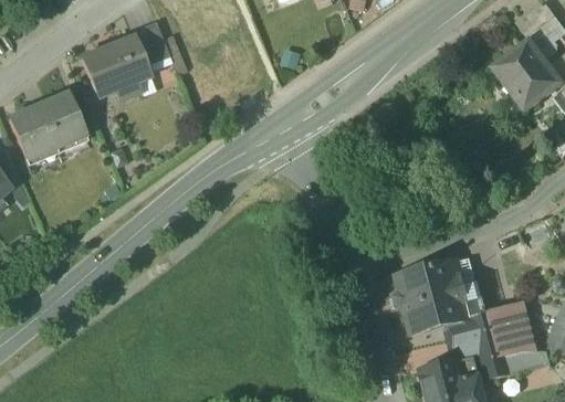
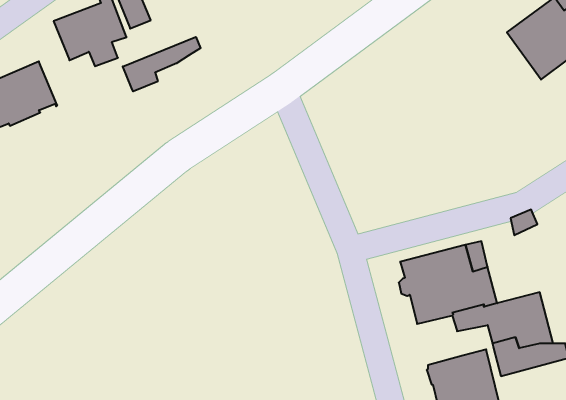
building: none -> [123,37,201,91]
building: [448,332,481,360] -> none

